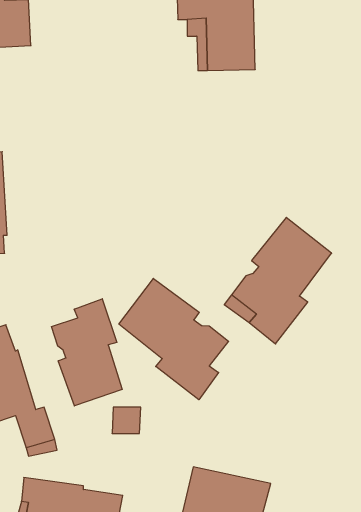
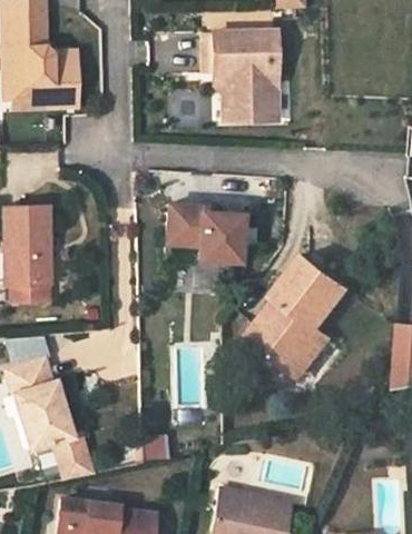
building: none -> [168,204,244,259]
building: [119,278,229,400] -> none
building: [52,299,122,406] -> none

